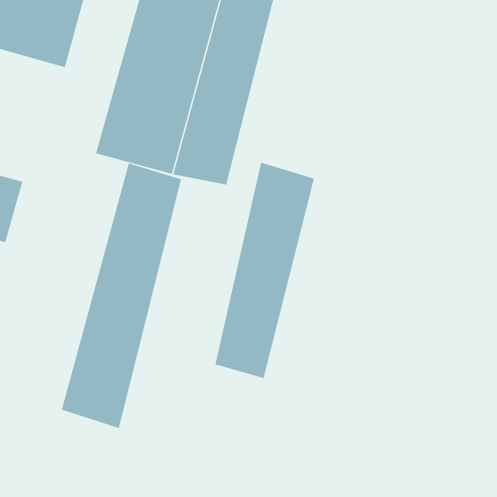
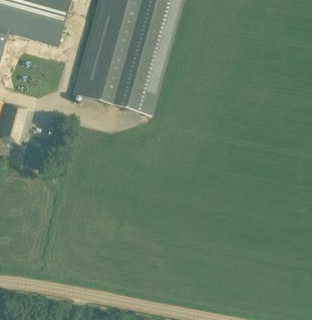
building: [215,162,315,379] -> none
building: [61,163,181,429] -> none

